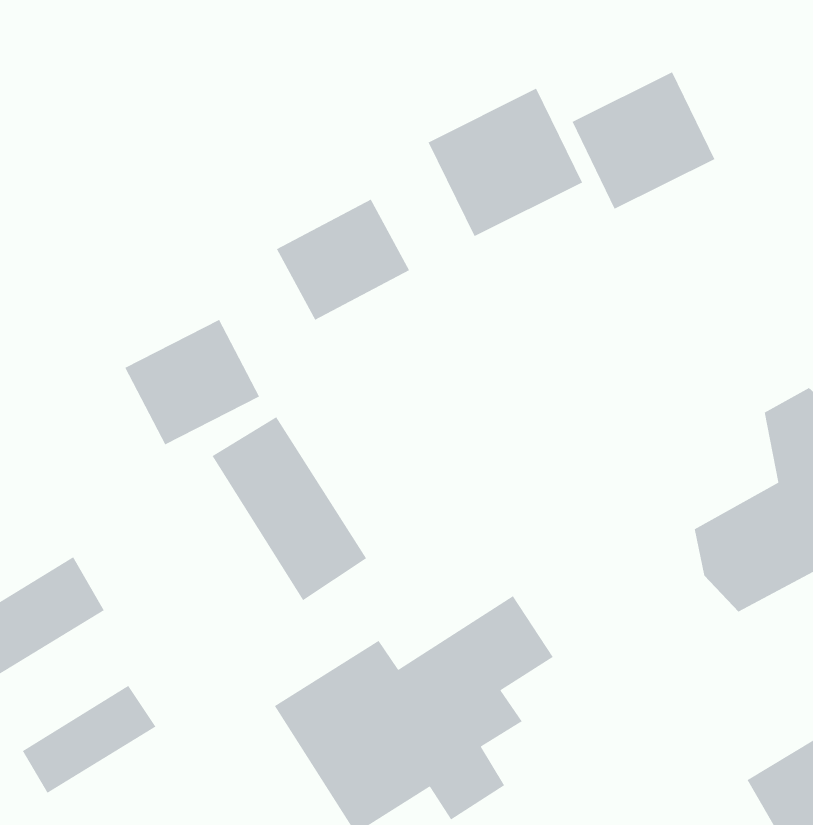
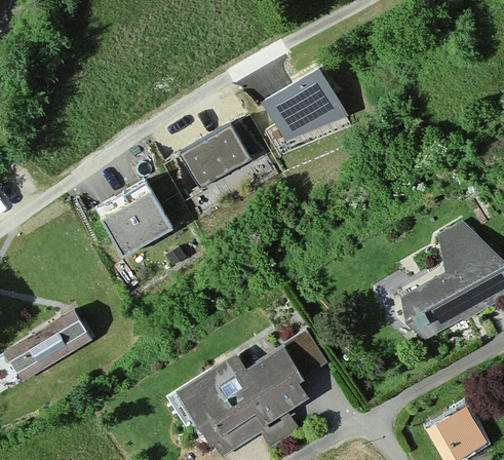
building: [571,71,716,210] -> none
building: [211,416,367,601] -> none
building: [22,685,156,794] -> none

